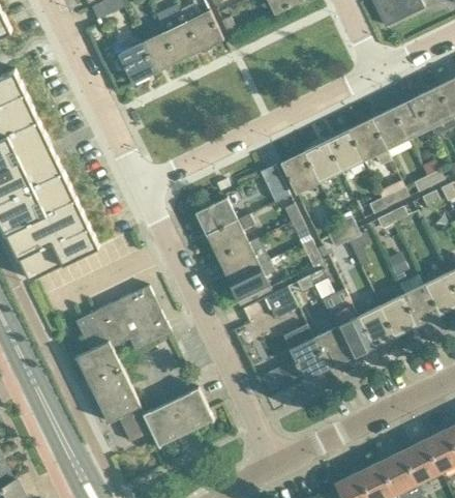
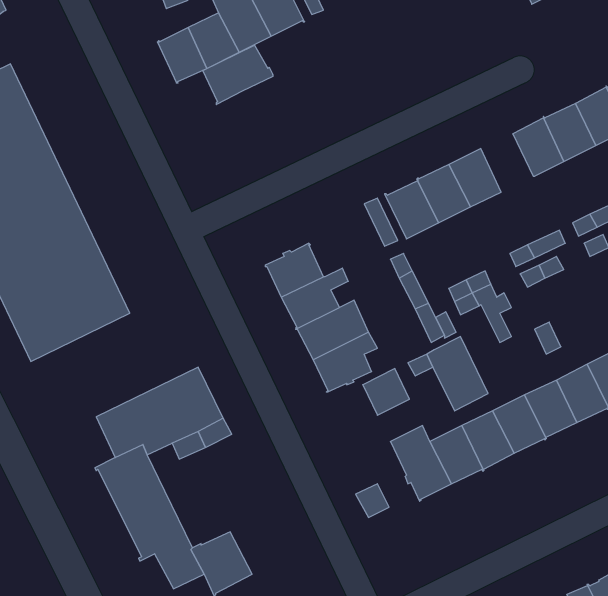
building: none -> [203,45,273,105]
building: [348,119,392,166] -> none
building: [171,387,214,432] -> none

